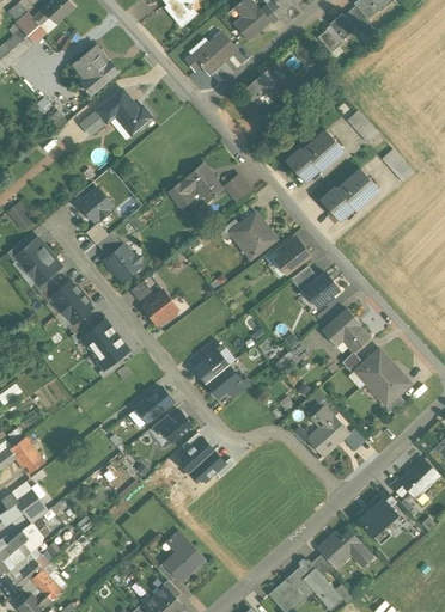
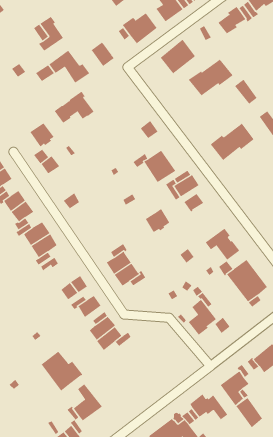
building: none -> [91,42,115,67]
building: [284,130,343,182] -> [188,59,233,96]
building: [167,163,221,208] -> [54,91,94,123]
building: [103,244,140,281] -> none
building: [303,273,337,306] -> [144,208,170,233]
building: [142,292,173,324] -> none
building: none -> [41,351,83,391]
building: none -> [235,397,263,428]

